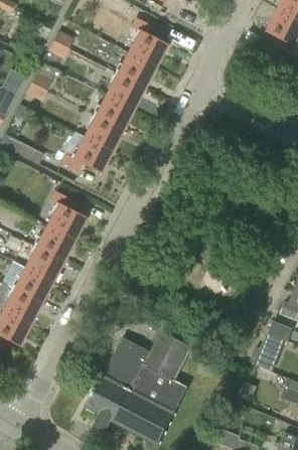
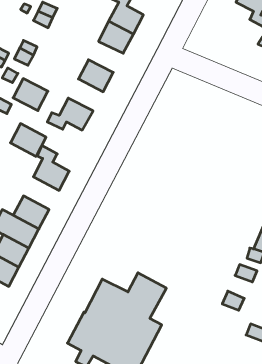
building: [107,76,145,110] -> none
building: [85,117,123,152] -> [13,79,48,111]
building: [35,224,74,261] -> [10,124,46,156]

